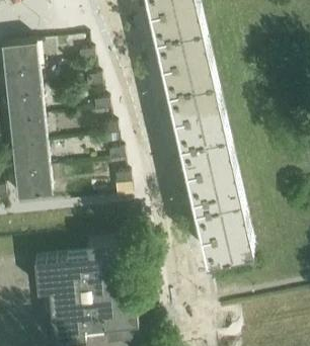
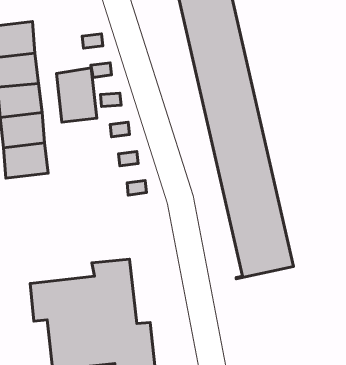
building: none -> [56,68,97,122]
building: [13,169,51,198] -> none

